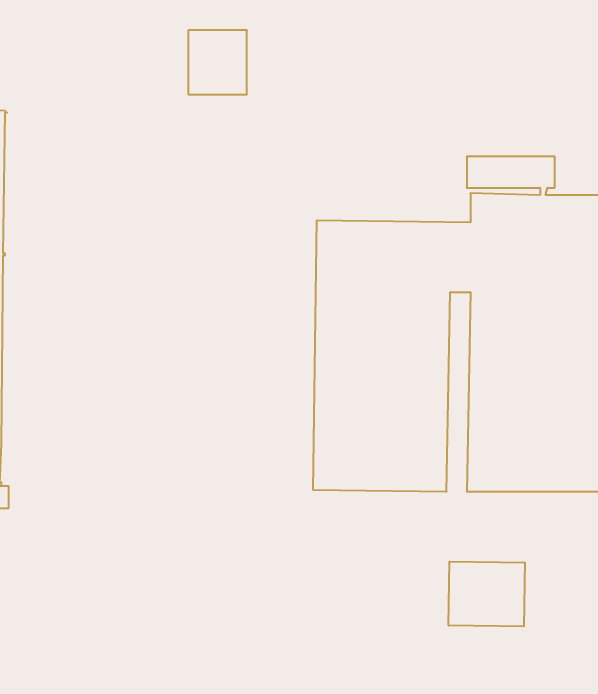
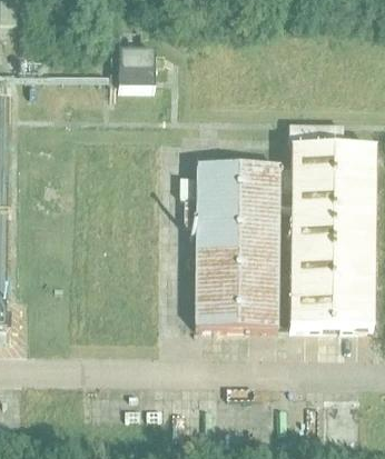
building: [449,562,525,626] -> none

